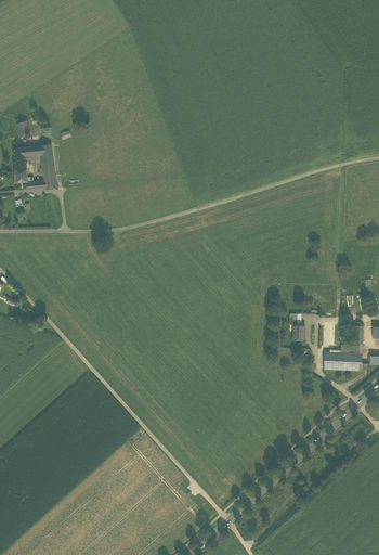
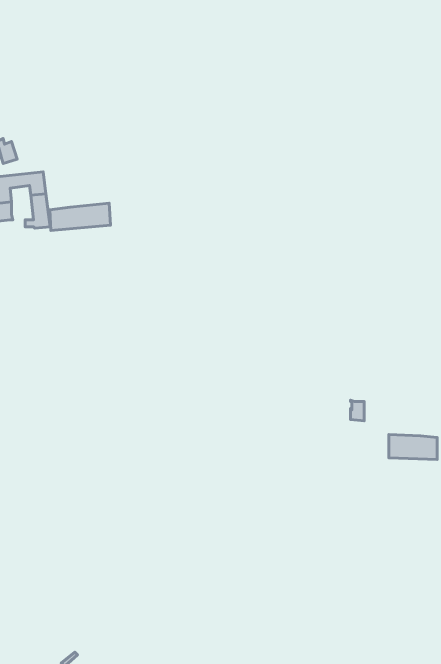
building: none -> [50,203,110,231]

